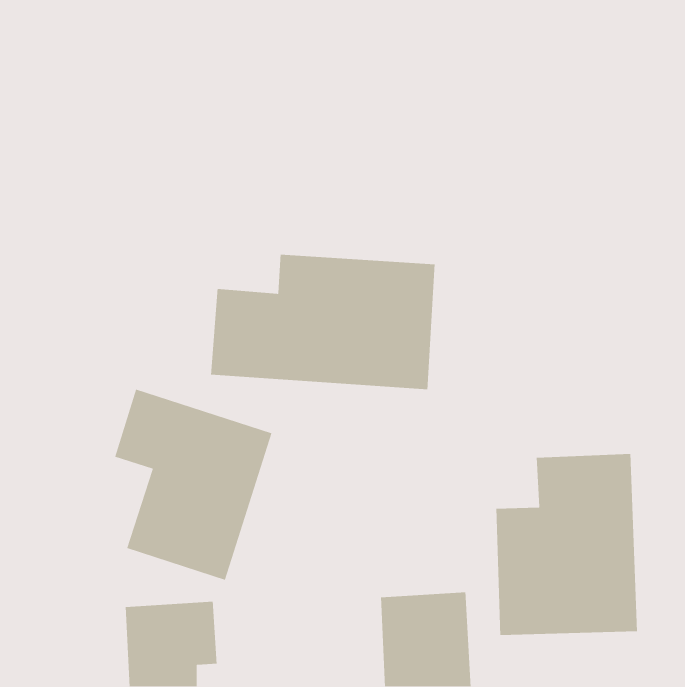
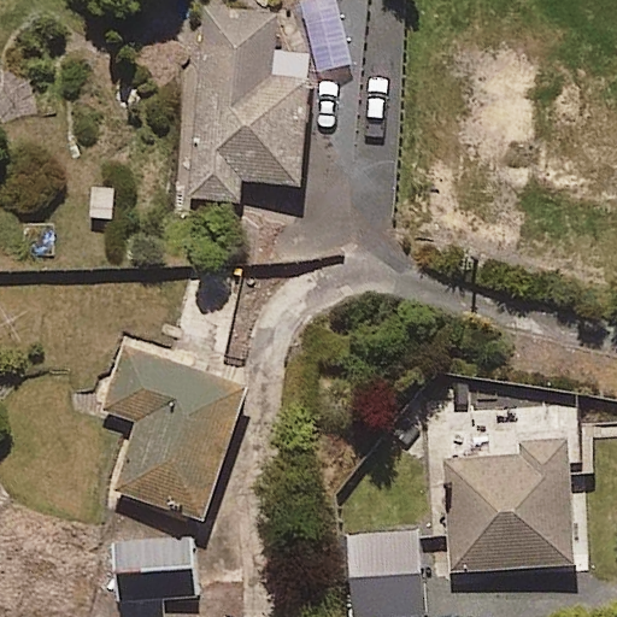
building: none -> [187,7,352,202]
building: [210,254,435,390] -> none

